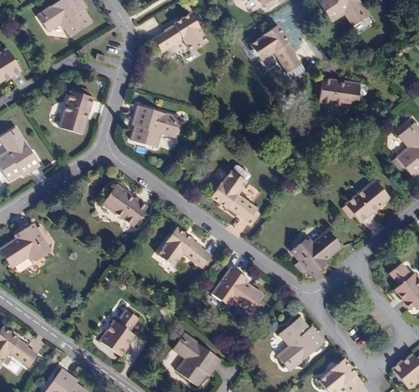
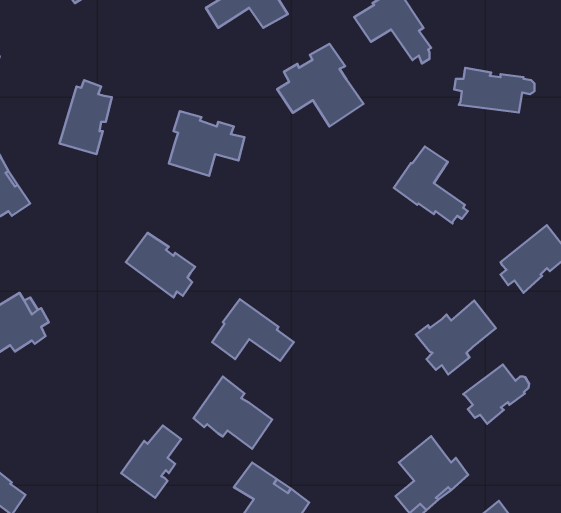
building: none -> [277,44,364,126]
building: [211,170,259,220] -> [394,146,468,223]
building: [212,266,263,313] -> [193,376,272,449]
building: none -> [463,365,529,424]

